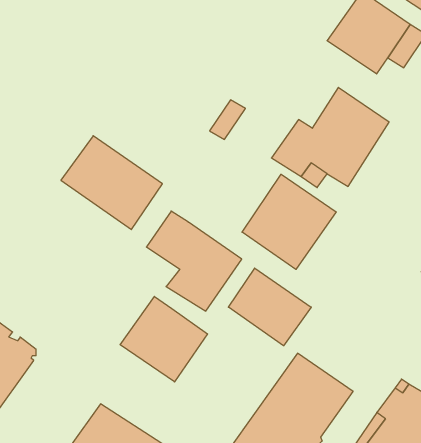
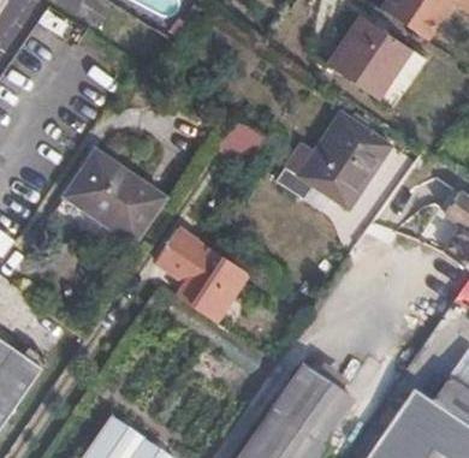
building: [242,174,336,269] -> none
building: [228,268,311,346] -> none
building: [120,296,208,382] -> none

